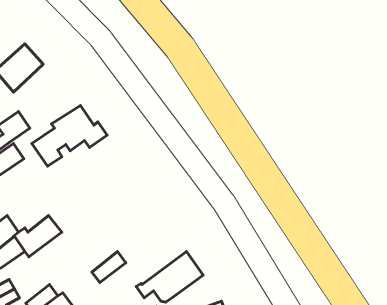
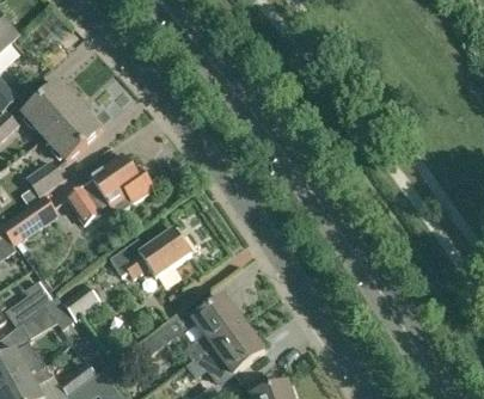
building: none -> [45,105,102,160]
building: none -> [111,227,191,277]
building: none -> [185,295,246,361]

